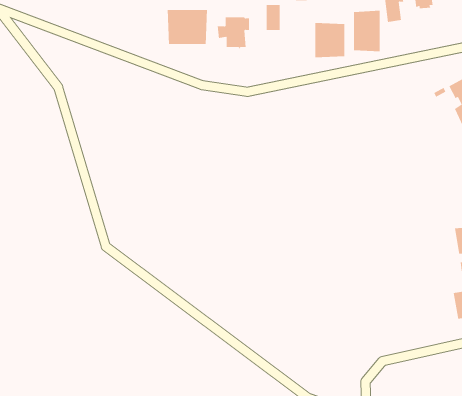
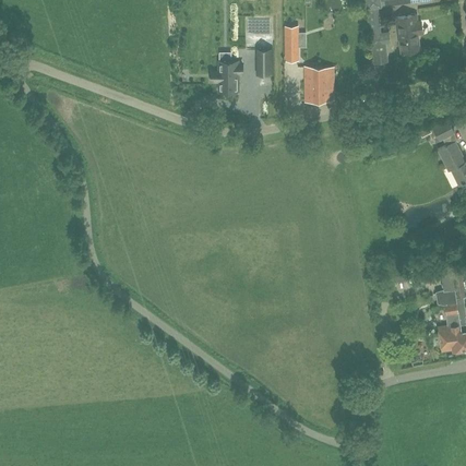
building: [167,9,208,45] -> none
building: [353,10,380,52] -> none

